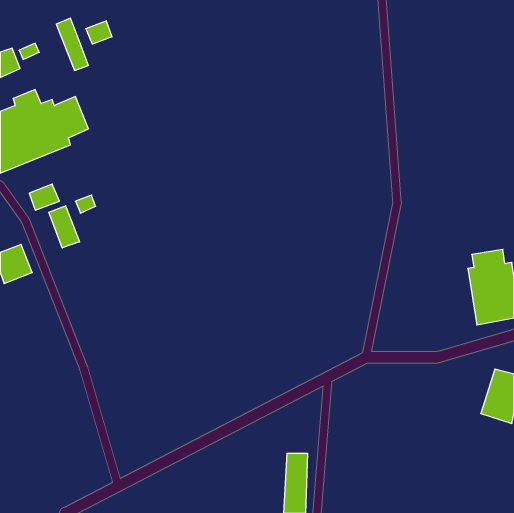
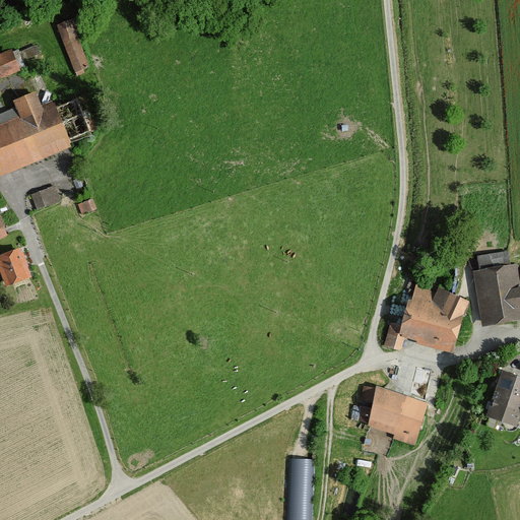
building: [86,21,112,44] -> none
building: [49,206,80,248] -> none
building: none -> [382,281,469,353]
building: none -> [367,386,427,445]

